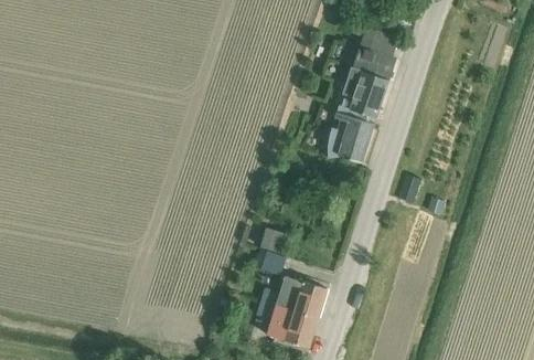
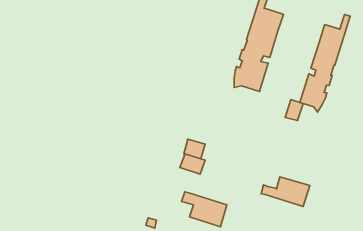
building: none -> [300,14,350,112]
building: [260,276,327,317] -> [261,177,310,207]

